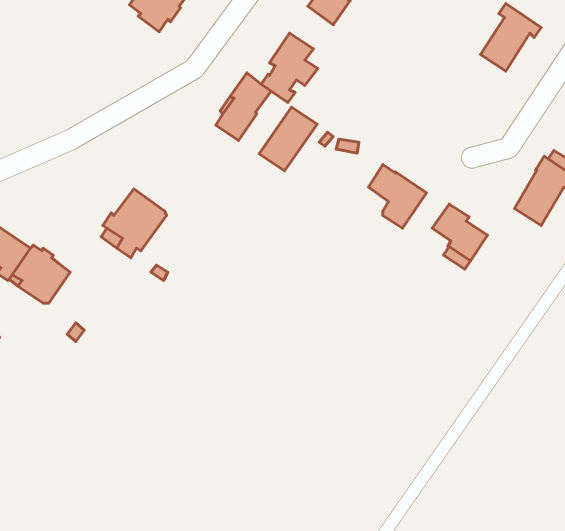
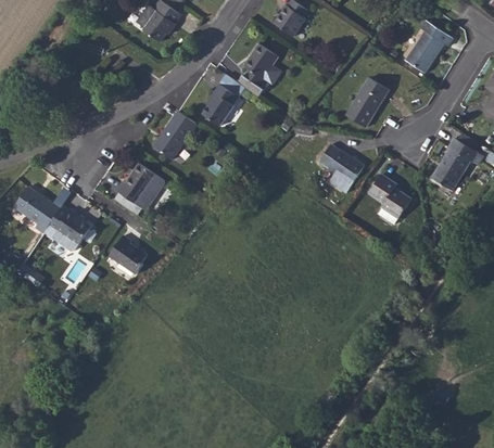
building: none -> [345,77,388,126]
building: [259,107,317,171] -> [152,110,197,158]
building: none -> [109,234,147,272]

